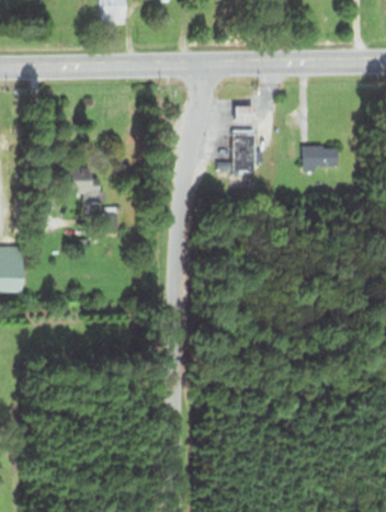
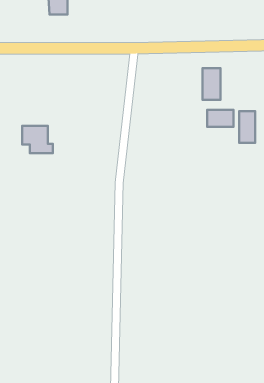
building: [234,130,257,171] -> [203,68,221,100]
building: none -> [239,111,255,143]

